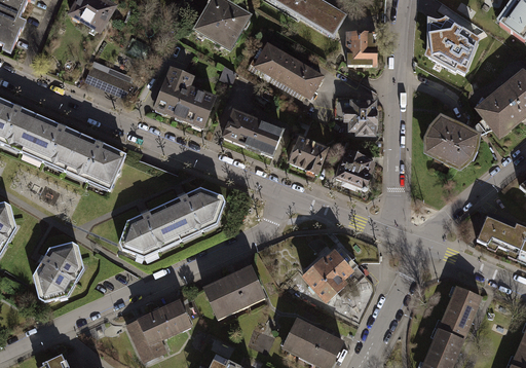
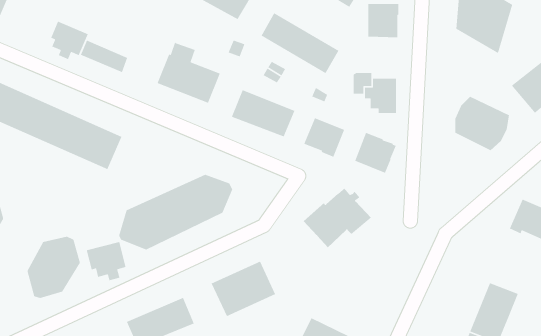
building: none -> [50,21,89,60]
building: [305,245,368,300] -> [303,187,372,248]
building: none -> [86,241,127,281]

